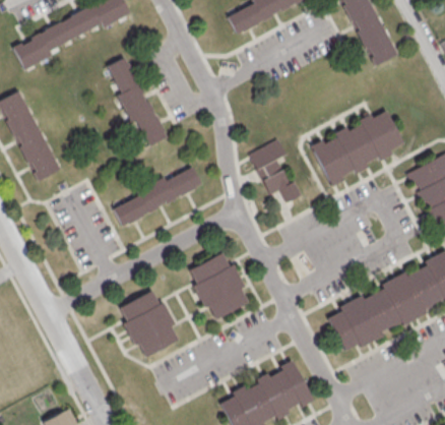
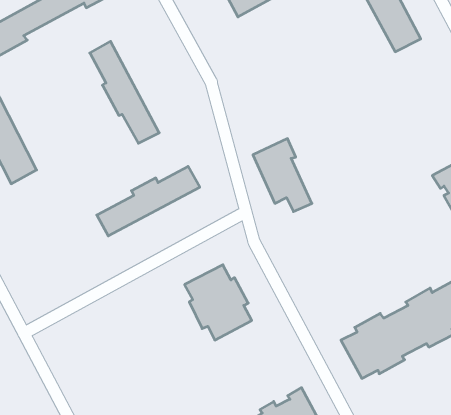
building: [312,111,404,186] -> none
building: [120,290,179,356] -> none

